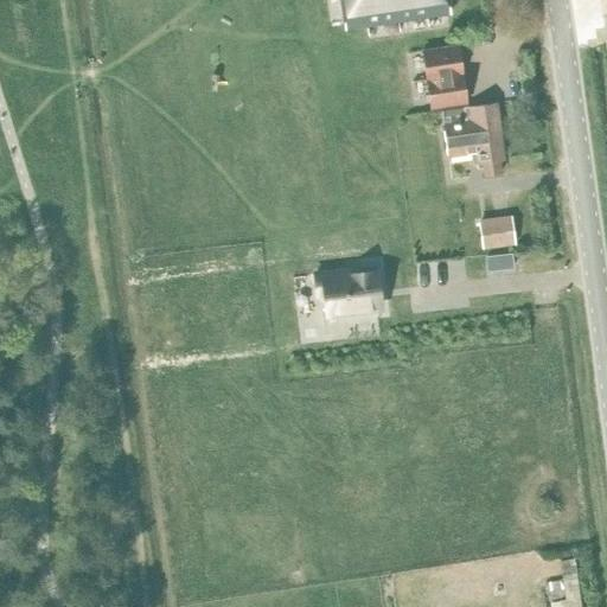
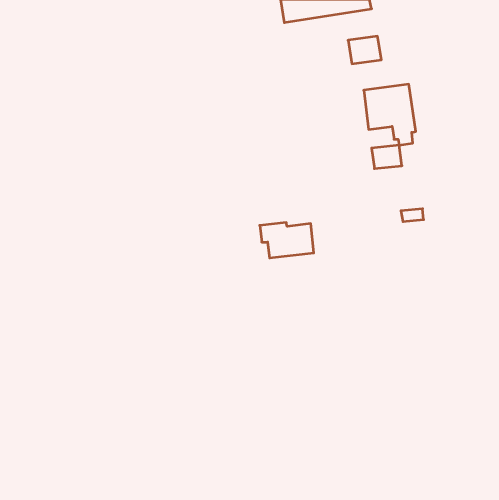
building: [428,72,467,106] -> none
building: [480,218,517,247] -> [372,145,402,169]

